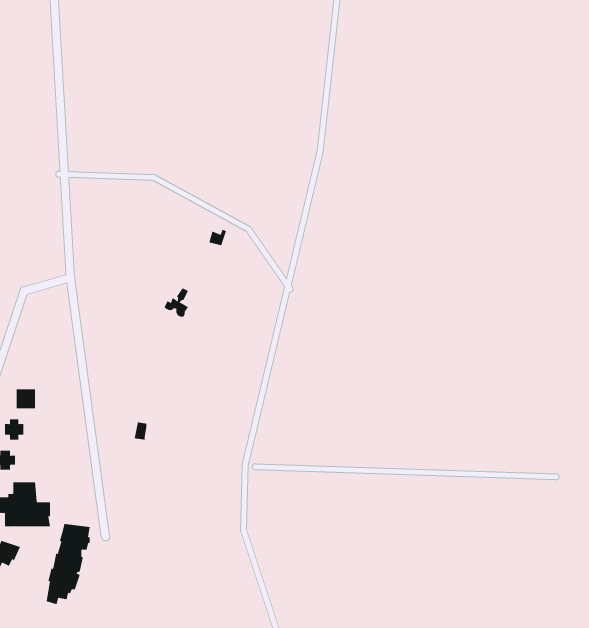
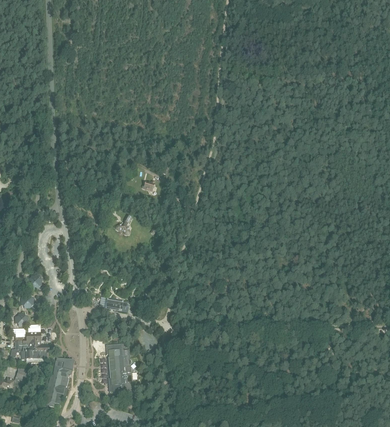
building: none -> [105,343,131,391]

